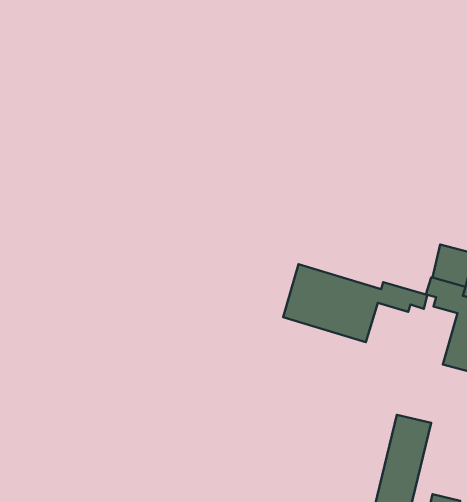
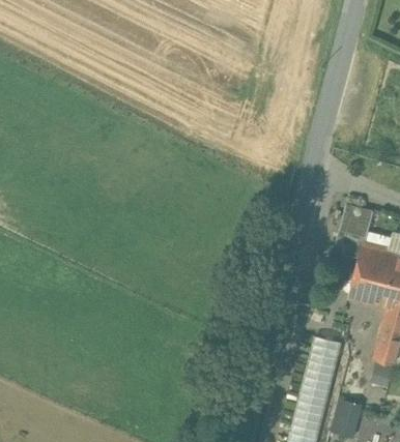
building: [283,264,427,342] -> none

